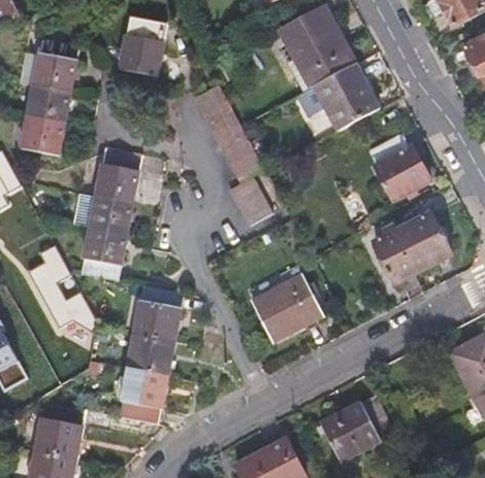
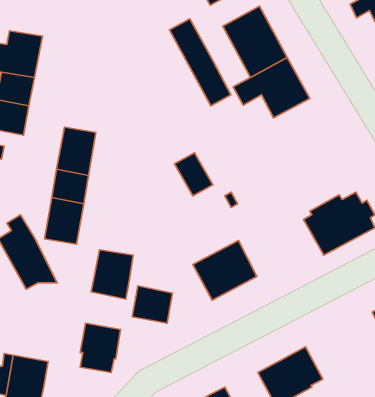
building: [118,13,164,70] -> none
building: [193,80,262,178] -> [170,19,231,106]
building: [371,133,433,203] -> none
building: [128,331,173,373] -> [132,286,173,323]

